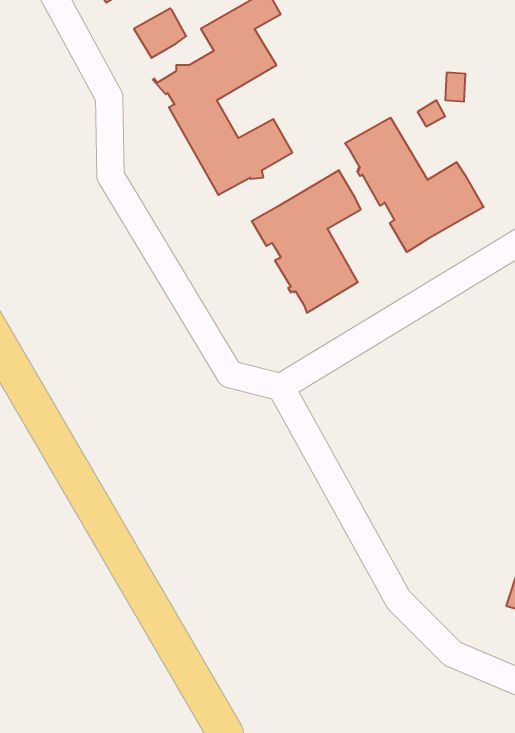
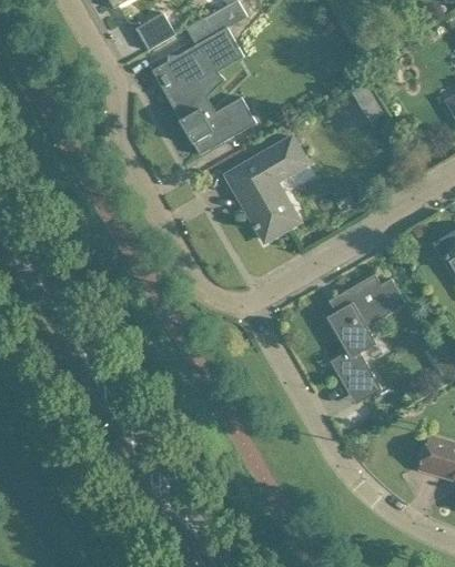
building: [345,118,484,252] -> none
building: none -> [326,273,406,393]

